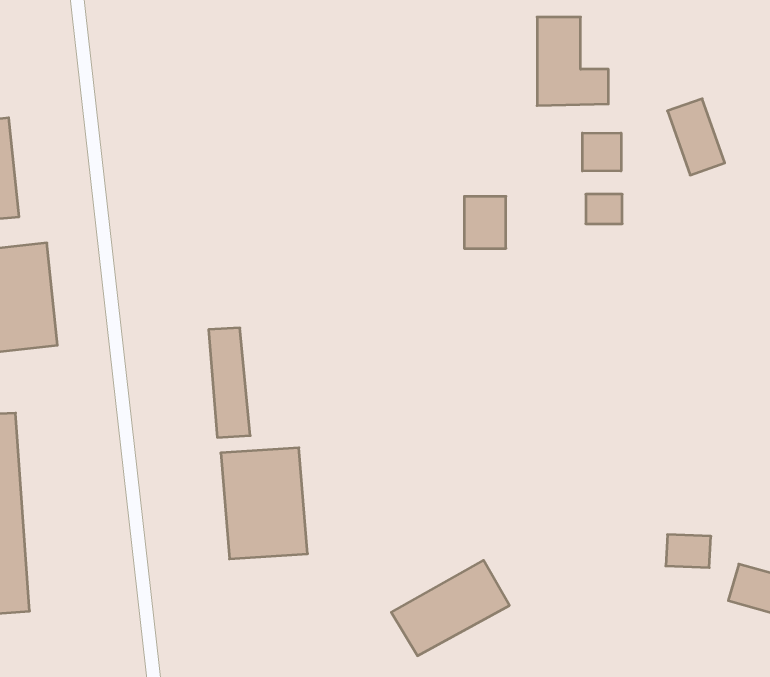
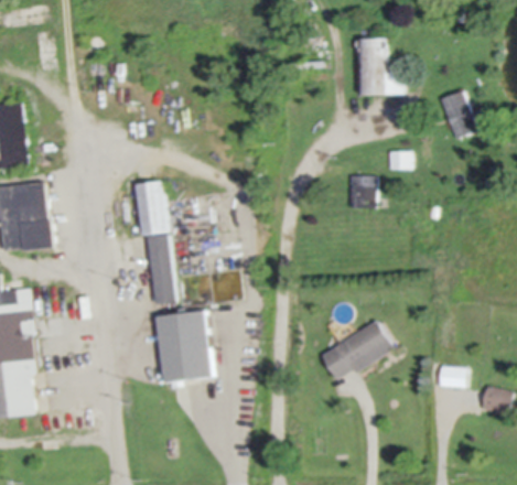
building: [582,133,621,171] -> none
building: [464,196,506,248] -> [348,175,375,208]
building: none -> [136,181,165,234]
building: [391,560,509,656] -> [319,321,394,381]

